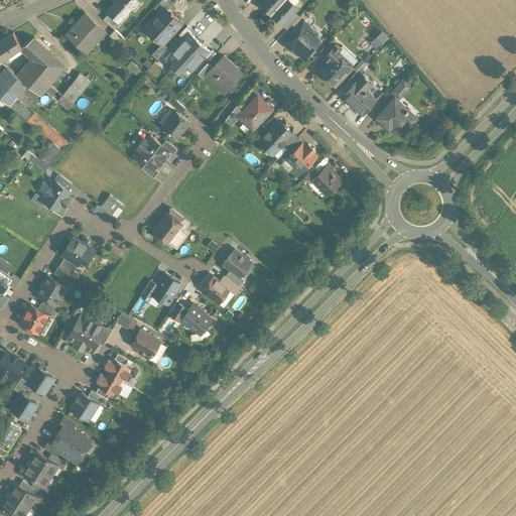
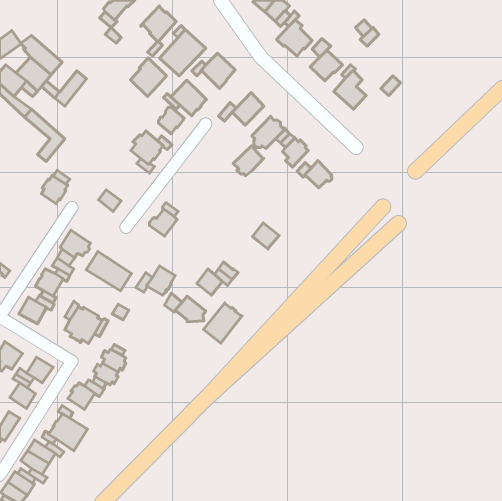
building: [66,15,104,53] -> none
building: none -> [130,58,166,97]
building: none -> [171,80,207,116]
building: [375,99,414,135] -> none
building: none -> [233,146,264,176]
building: [223,251,250,278] -> [252,223,279,249]
building: none -> [86,252,132,291]
building: none -> [203,303,242,343]
building: [130,331,159,358] -> none

